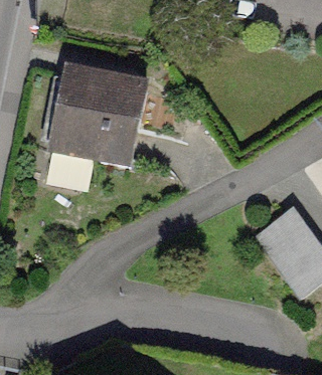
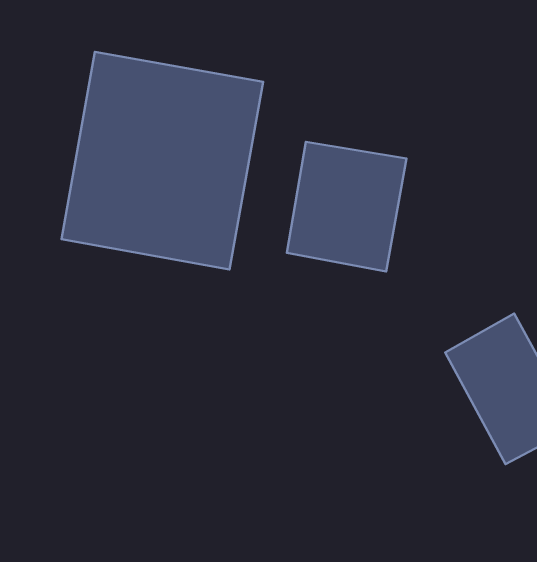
building: none -> [287,142,406,271]

